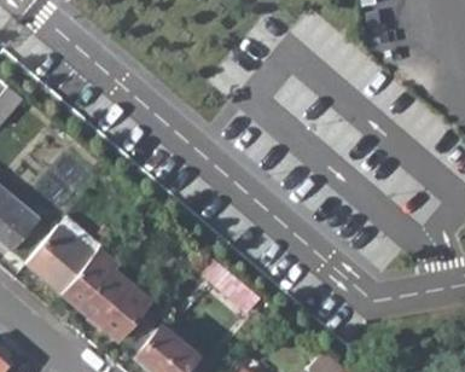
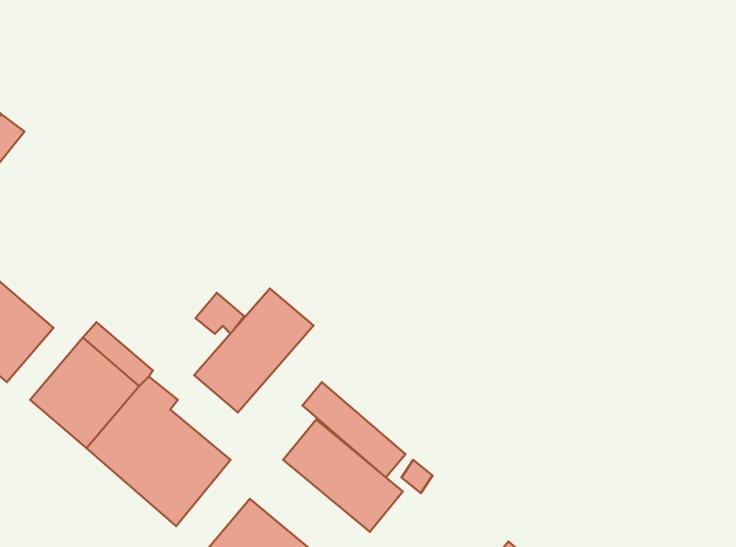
building: none -> [194,288,313,412]
building: none -> [283,419,403,532]

